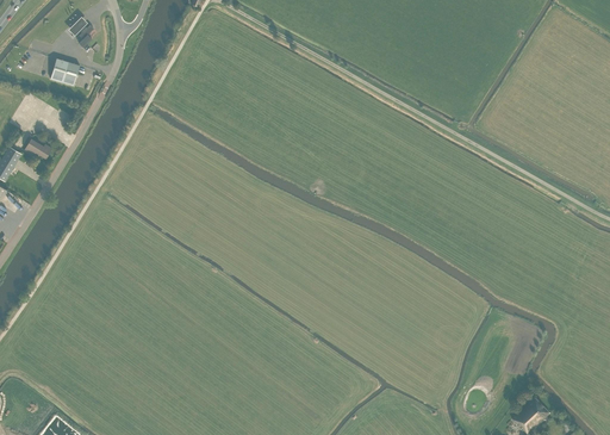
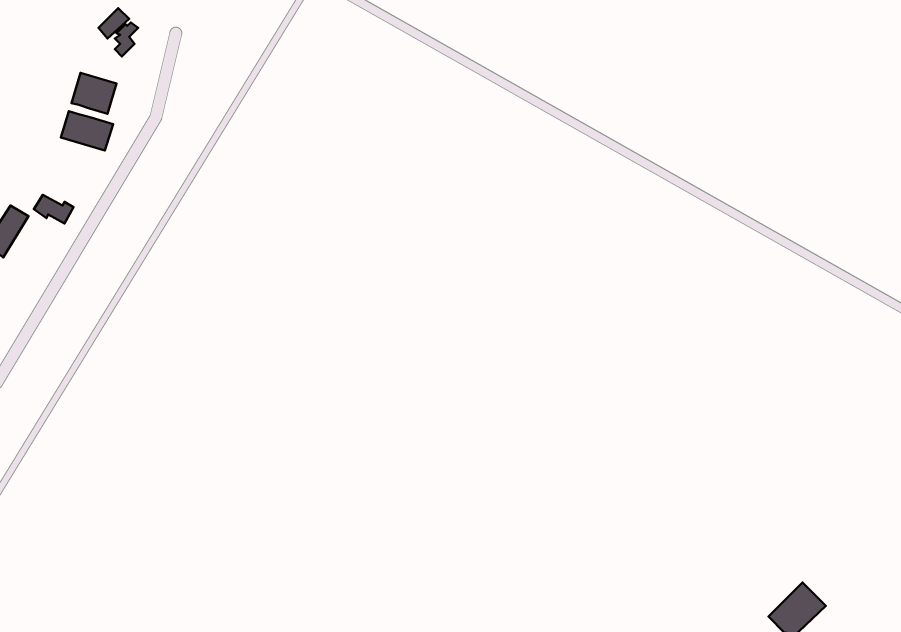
building: none -> [61,111,113,151]

